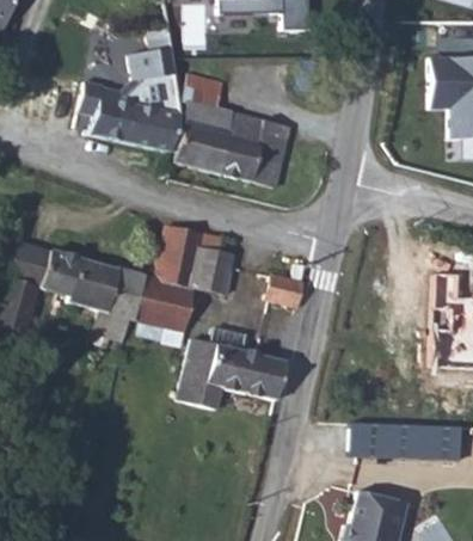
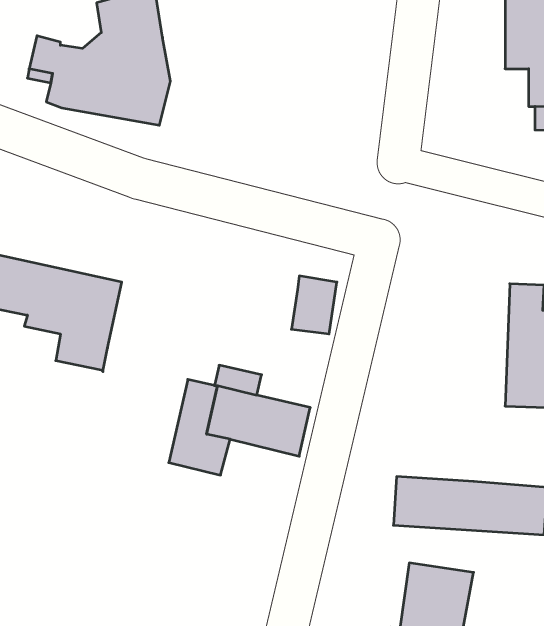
building: [172,82,290,190] -> none
building: [131,223,245,331] -> none

